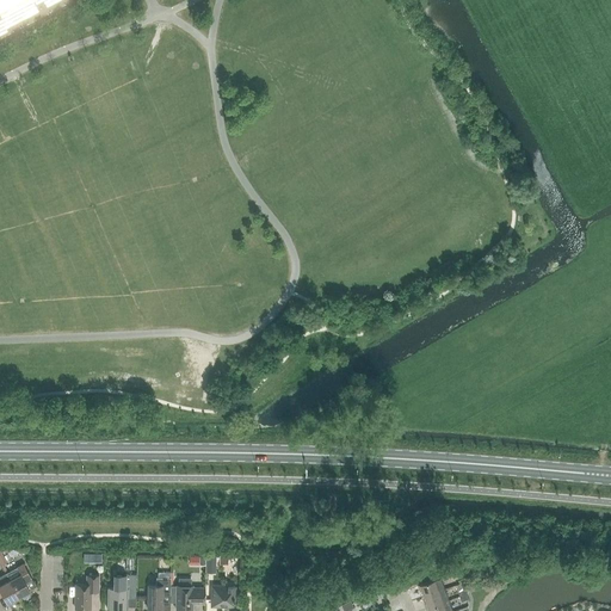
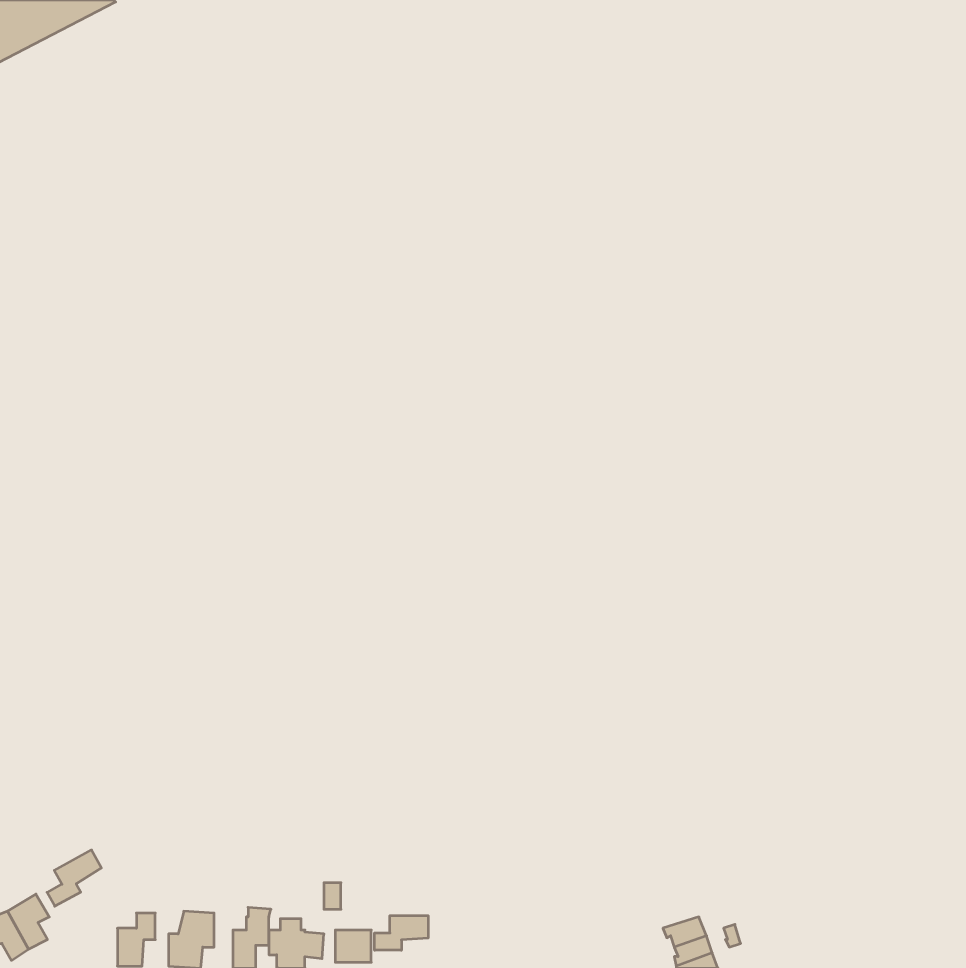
building: none -> [47,850,101,906]
building: none -> [375,916,428,950]

